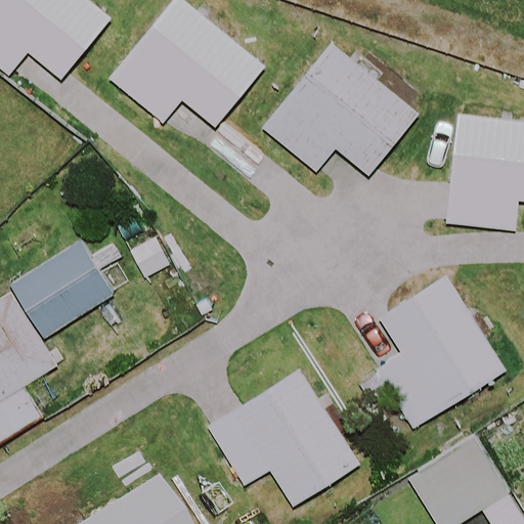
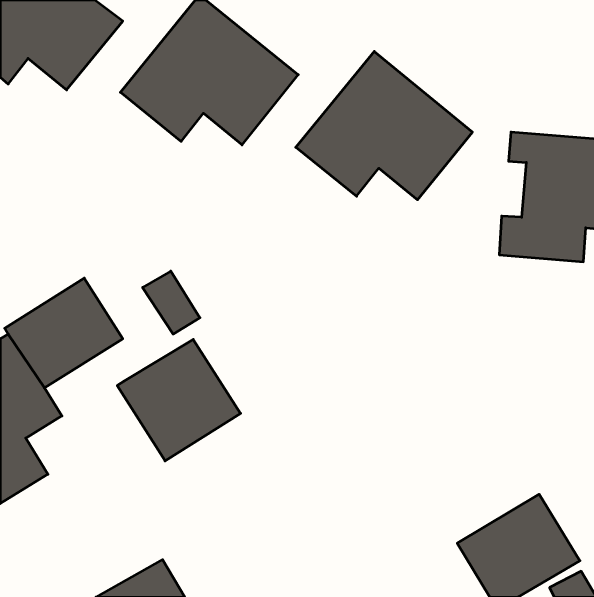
building: [377,276,506,428] -> none
building: none -> [117,339,241,461]
building: [205,368,358,506] -> none

